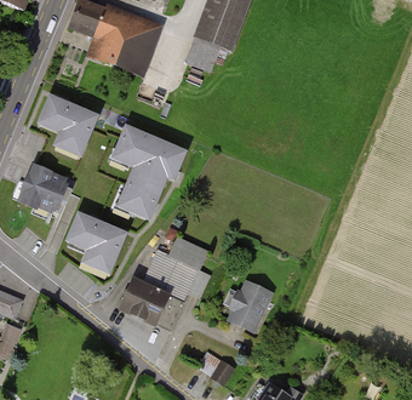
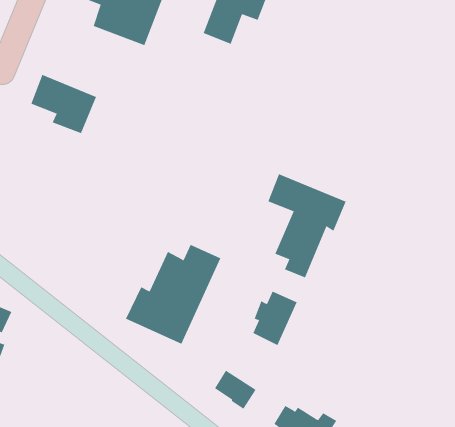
building: [116,127,184,217] -> [267,173,346,278]
building: [21,166,71,213] -> none
building: [68,213,125,264] -> none

